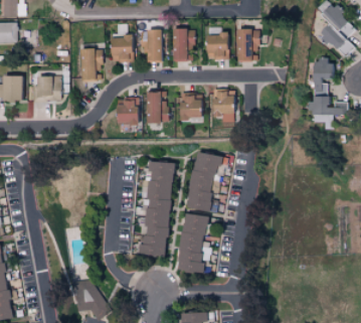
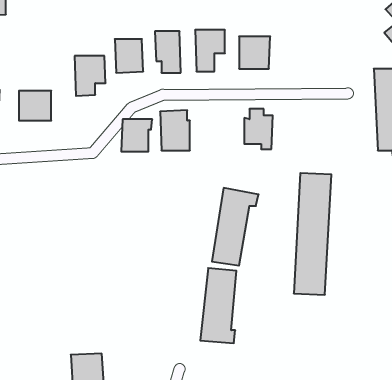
building: [237,28,260,61] -> none
building: [178,94,205,119] -> none
building: [143,161,172,256] -> [294,173,331,295]

